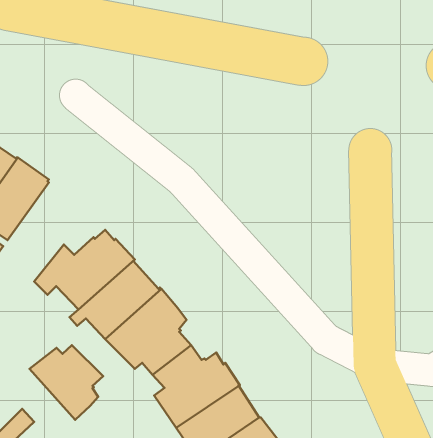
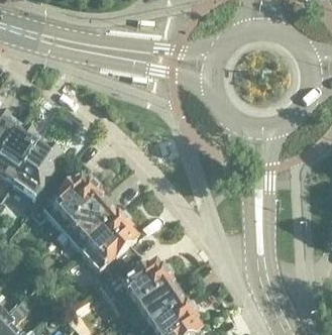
building: none -> [14,145,64,199]
building: [30,345,103,420] -> none

